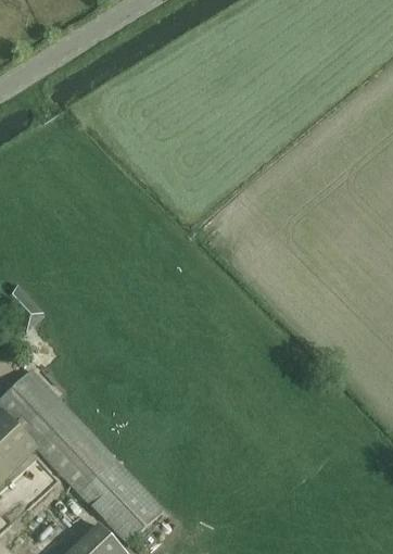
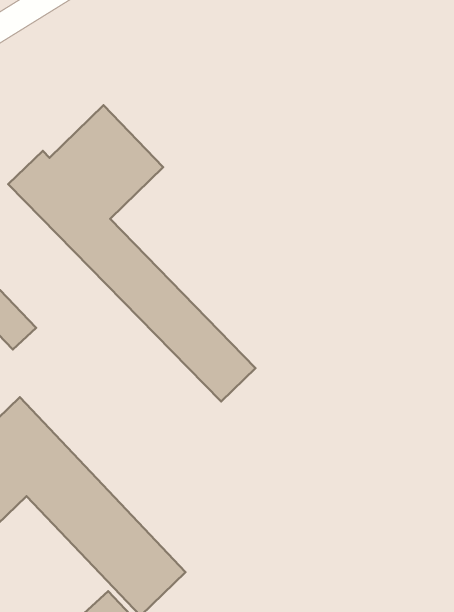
building: none -> [8,105,256,402]

